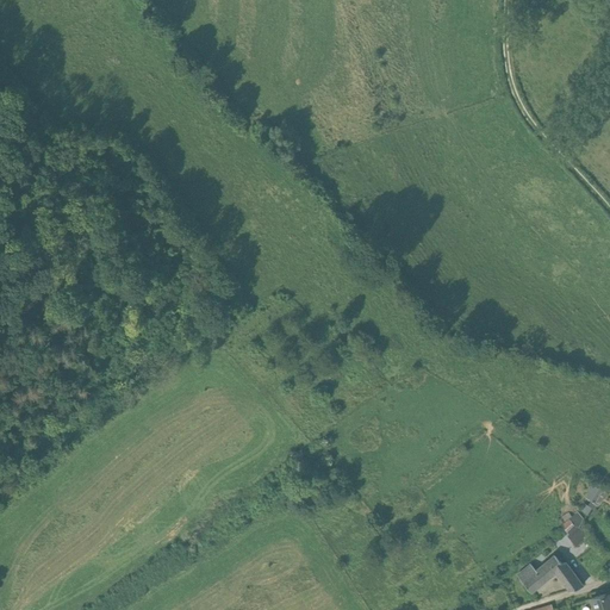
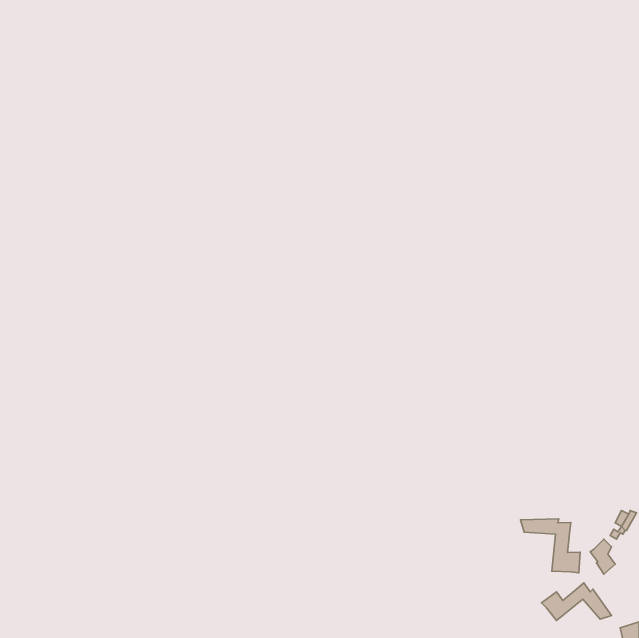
building: none -> [520,519,580,573]

